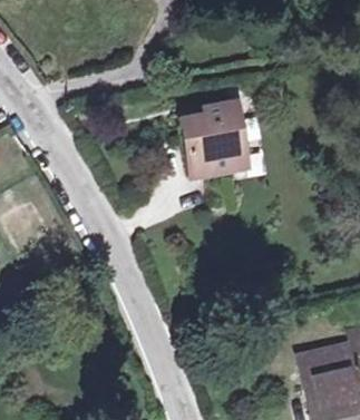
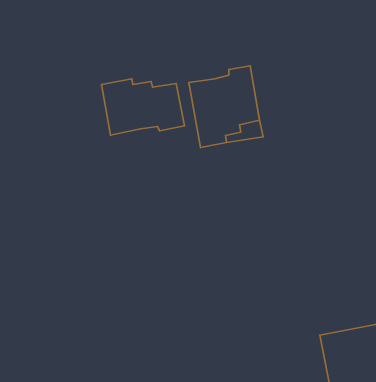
building: none -> [101,79,184,135]

